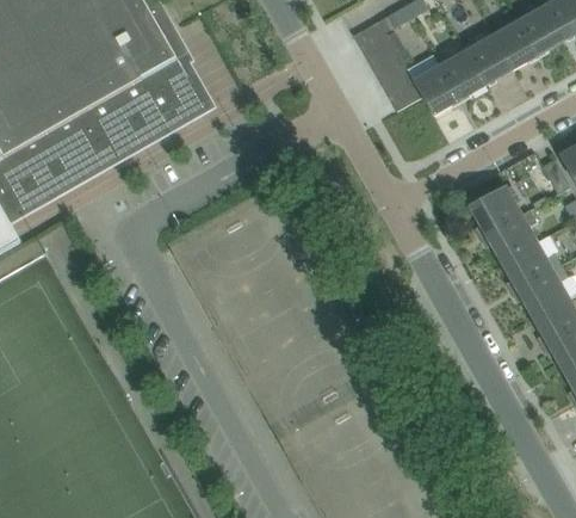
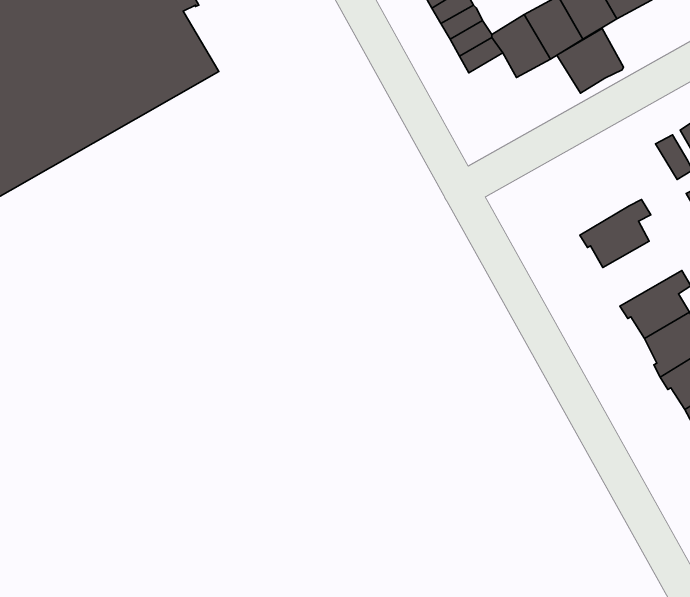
building: none -> [557,29,624,93]
building: [470,186,521,236] -> none
building: [501,241,562,291] -> none

